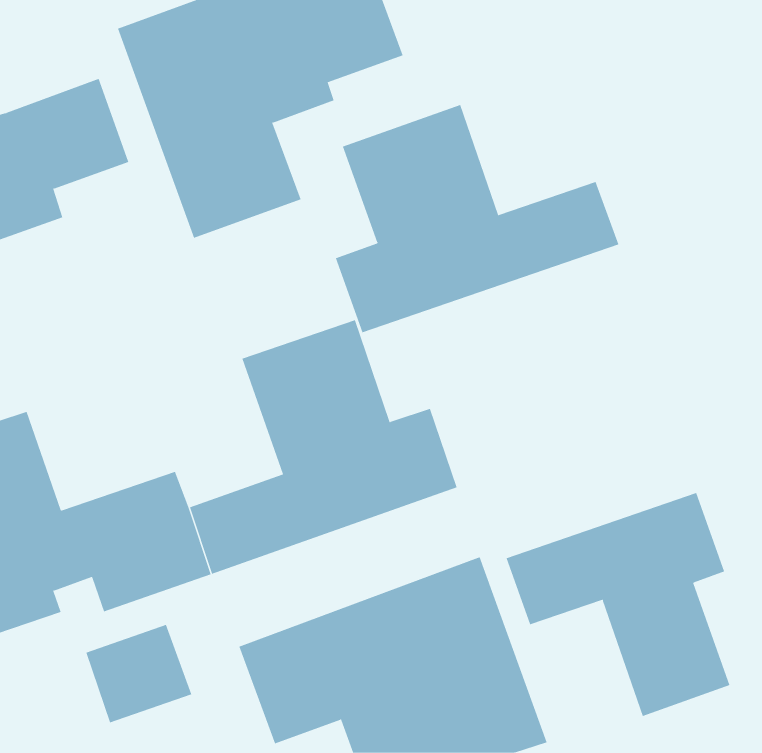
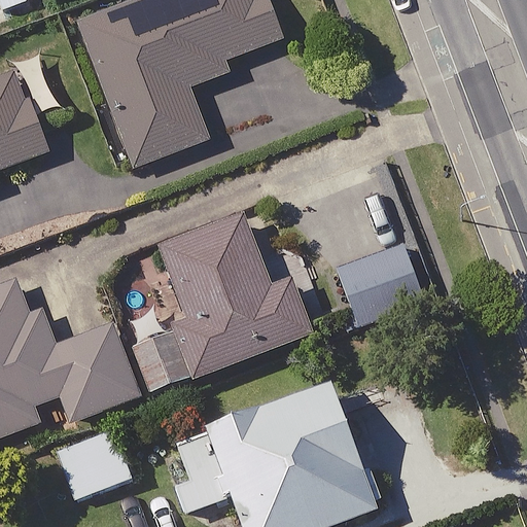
building: [335,104,619,333] -> none
building: none -> [338,244,423,323]
building: [506,492,730,717] -> none

